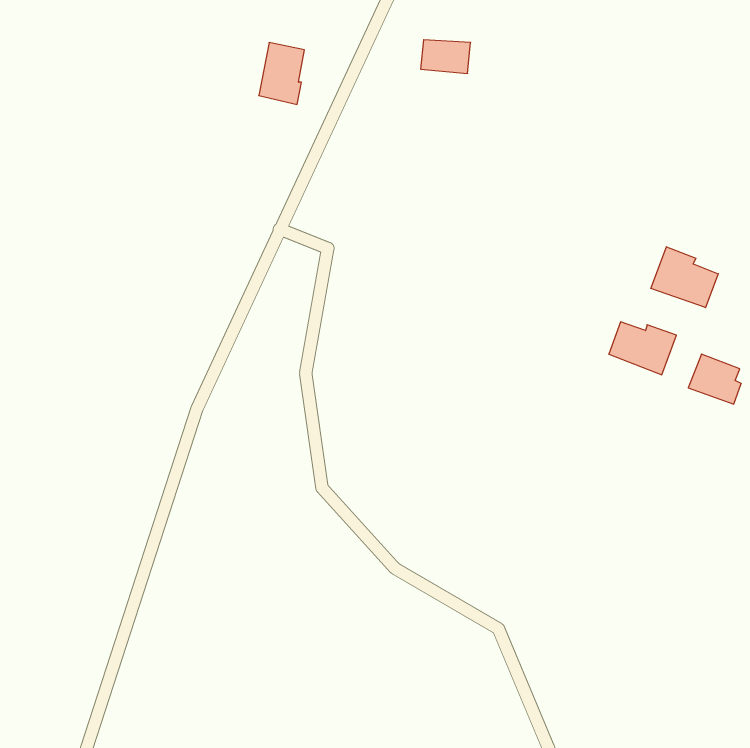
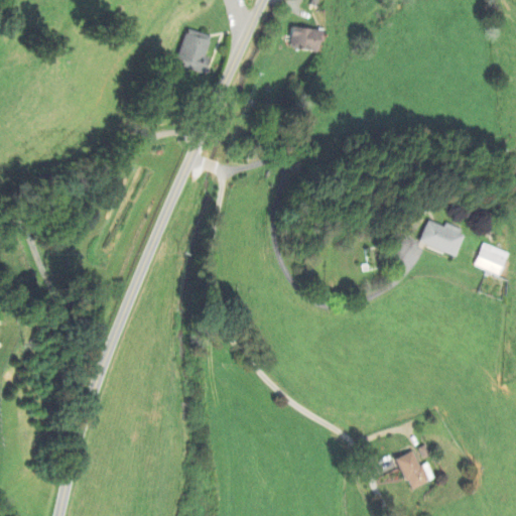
building: [651,247,718,308] -> none
building: none -> [396,450,436,490]

